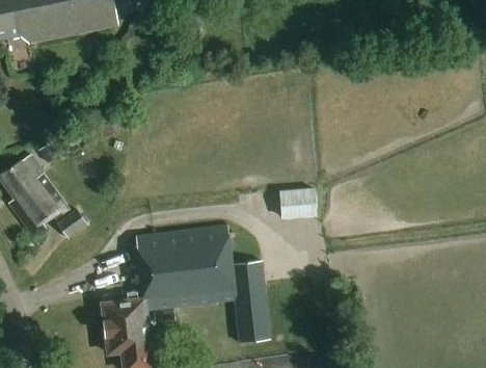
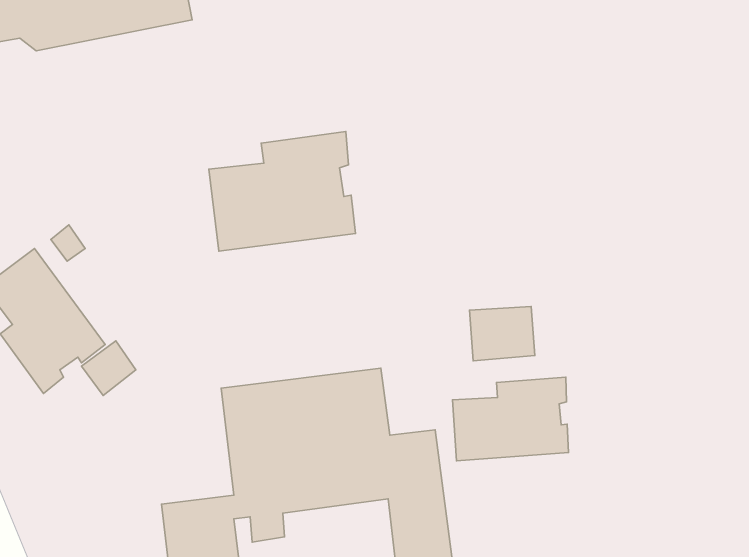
building: none -> [209,132,356,251]
building: none -> [453,377,569,461]

